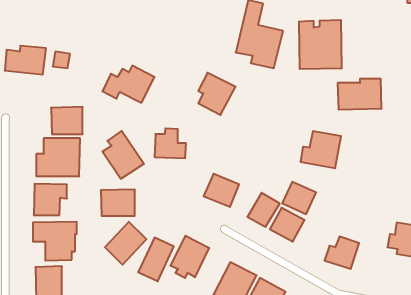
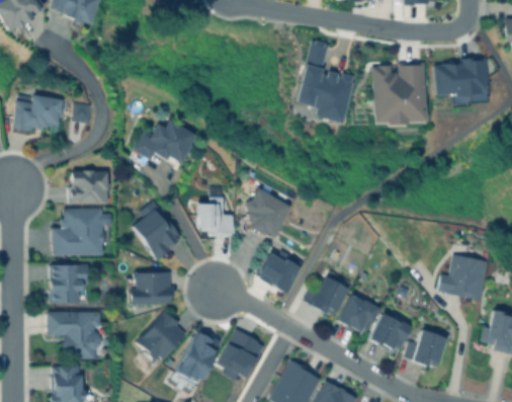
building: [198,73,236,115] -> [246,187,291,239]
building: [338,79,382,109] -> [434,59,488,96]
building: [300,131,341,168] -> [439,254,489,300]
building: [282,182,316,214] -> [370,313,412,352]

